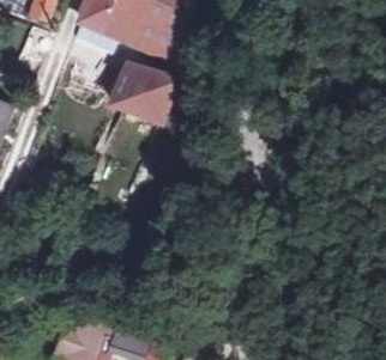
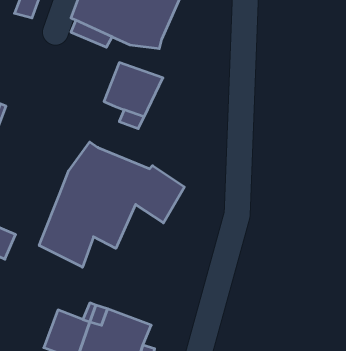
building: none -> [39,142,184,267]

